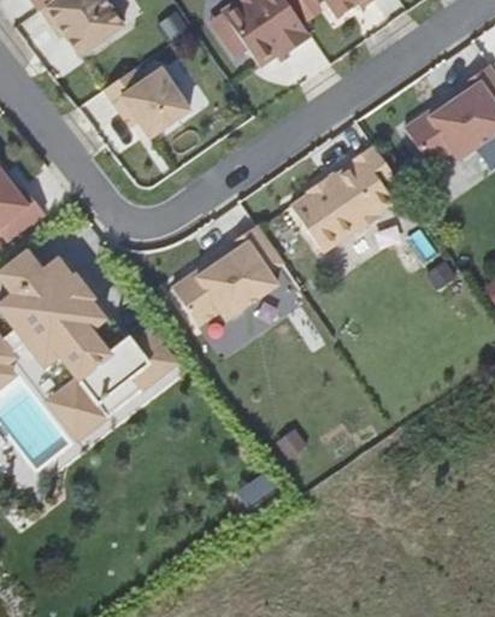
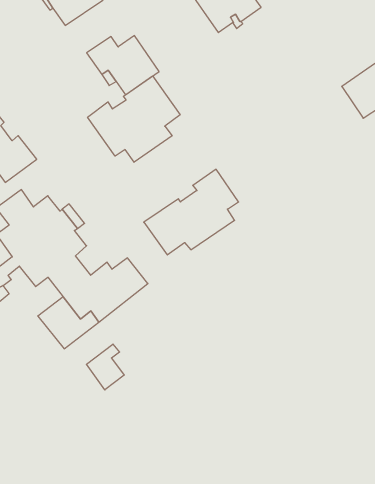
building: none -> [88,76,180,162]
building: [290,145,397,253] -> none
building: none -> [86,344,124,390]

